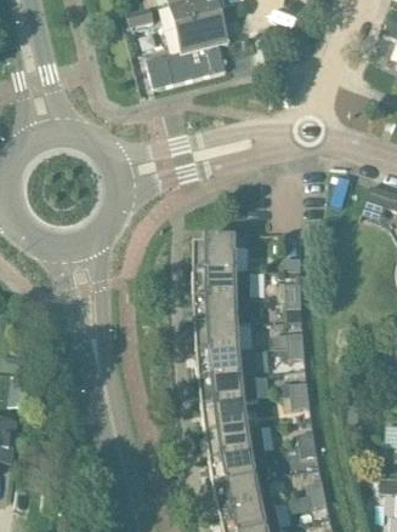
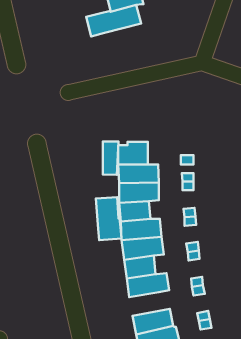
building: none -> [103,142,118,175]
building: none -> [96,197,122,240]
building: [209,450,270,486] -> none

